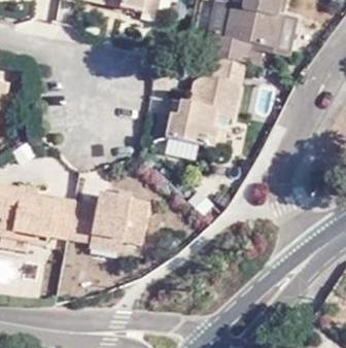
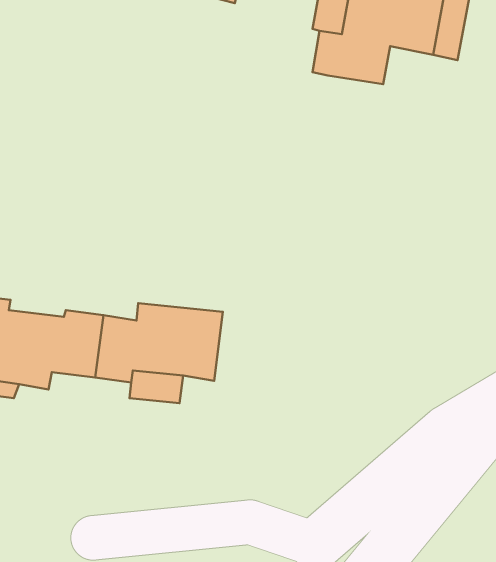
building: [168,56,248,146] -> none

